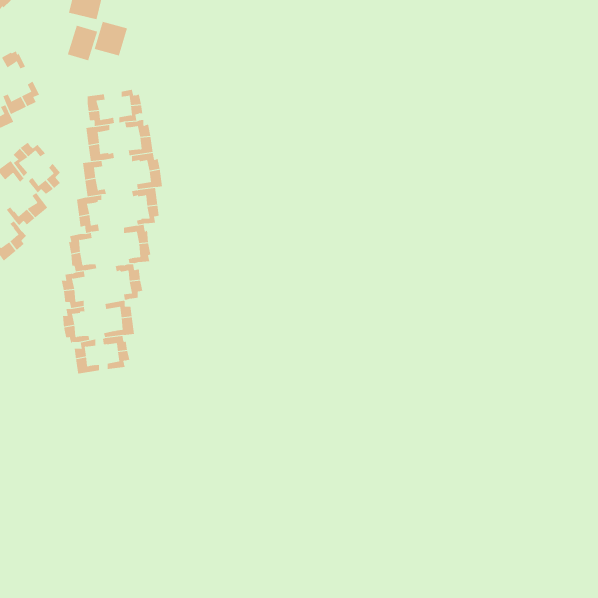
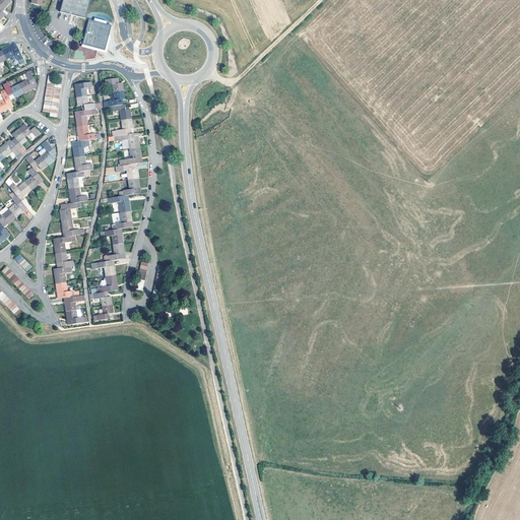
building: [67,25,98,61] -> none

